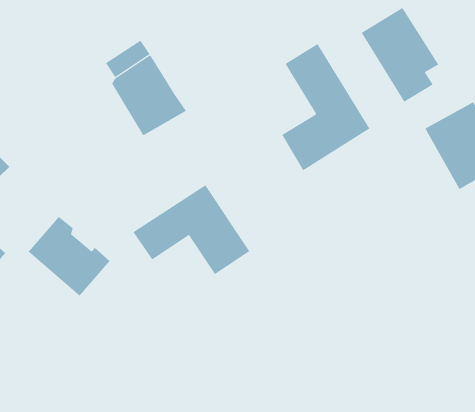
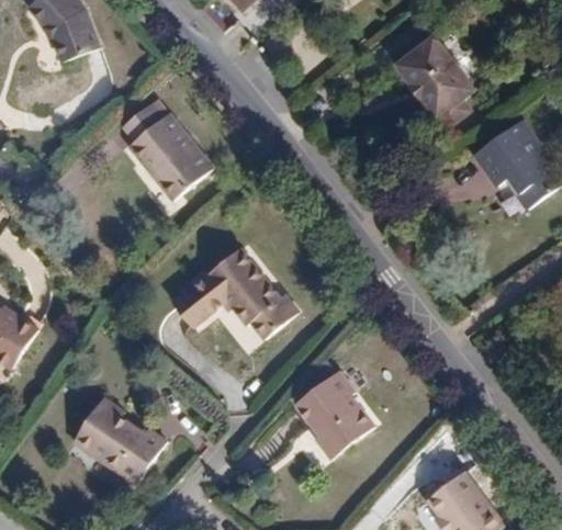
building: [281,43,370,171] -> none
building: [28,216,111,296] -> [75,407,165,490]
building: none -> [294,369,372,452]

